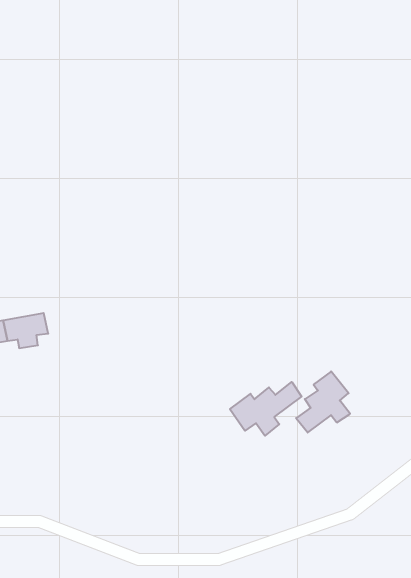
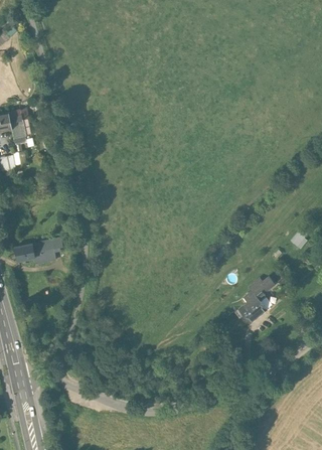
building: [230,382,302,436] -> none

